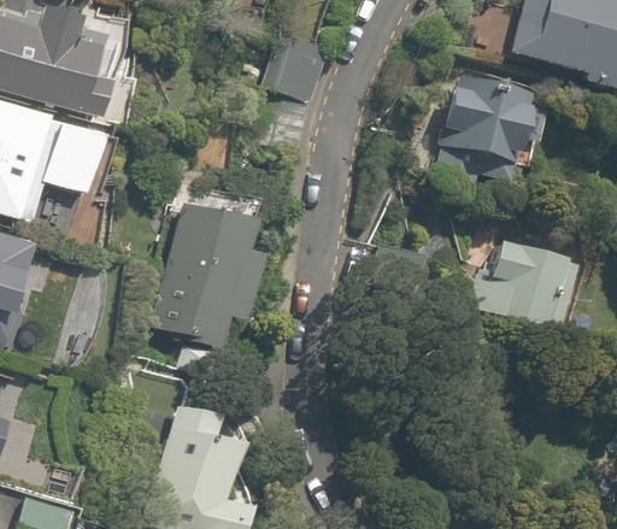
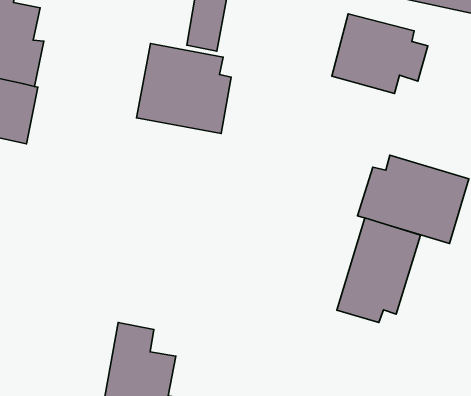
building: none -> [137,44,231,134]
building: [154,199,258,346] -> none
building: none -> [337,218,420,322]

